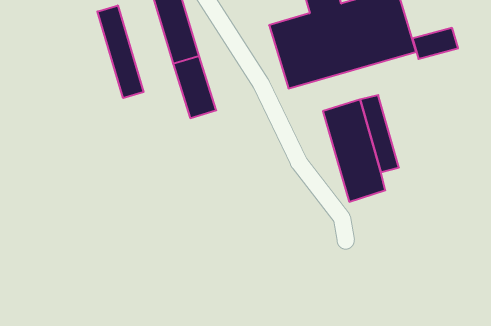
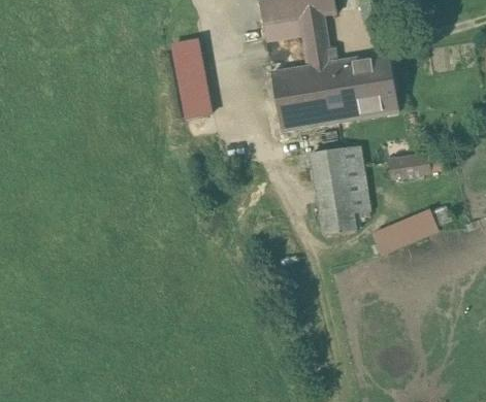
building: [97,5,144,98] -> none
building: [412,28,458,59] -> [398,149,438,173]
building: none -> [374,209,439,253]

